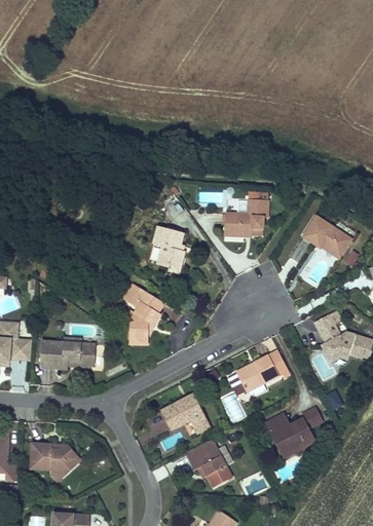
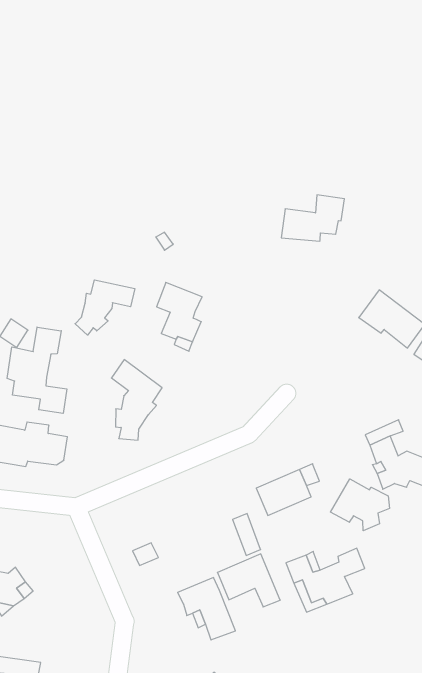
building: [223,199,267,233] -> [281,195,344,241]
building: none -> [75,280,135,335]
building: none -> [7,327,67,413]
building: none -> [330,479,390,531]
building: [162,394,211,434] -> [217,554,280,607]

